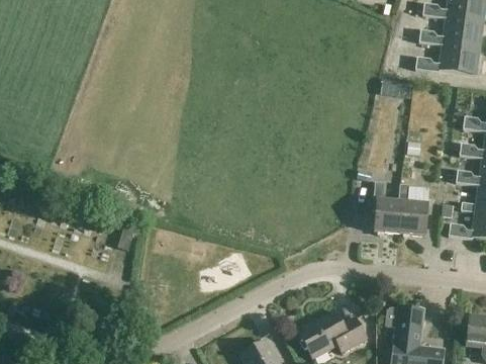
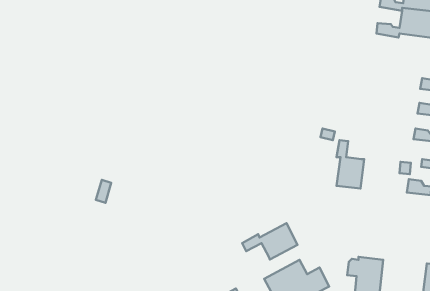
building: [399,185,429,238] -> none
building: none -> [242,223,298,260]

